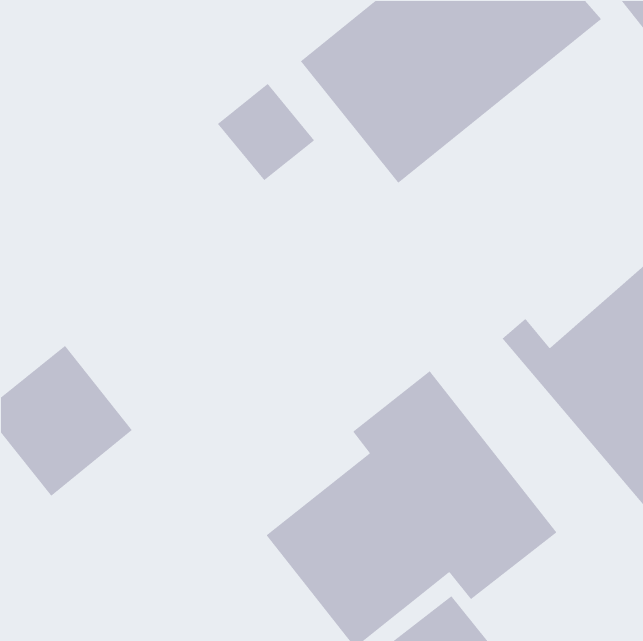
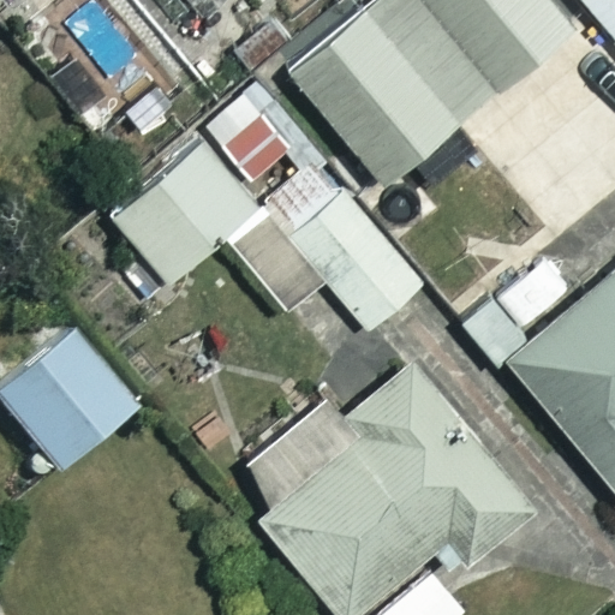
building: none -> [112,138,256,279]
building: none -> [227,165,420,328]

